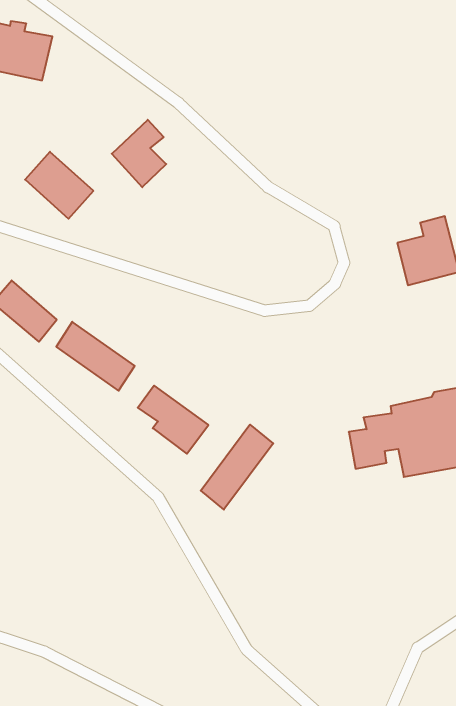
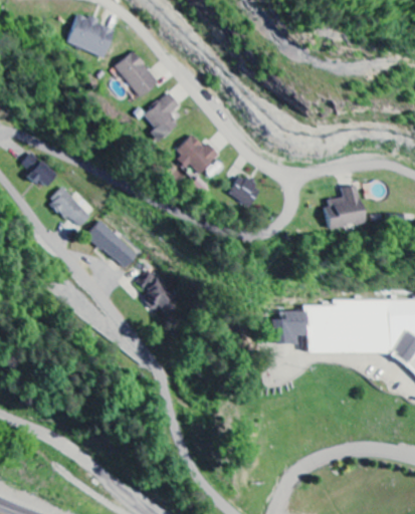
building: [25,152,93,219] -> [114,51,158,97]
building: none -> [174,135,218,175]
building: none -> [228,176,260,206]
building: [201,425,273,510] -> none

